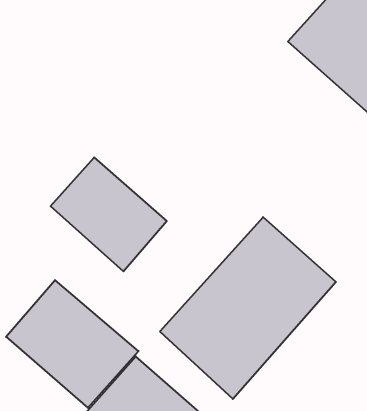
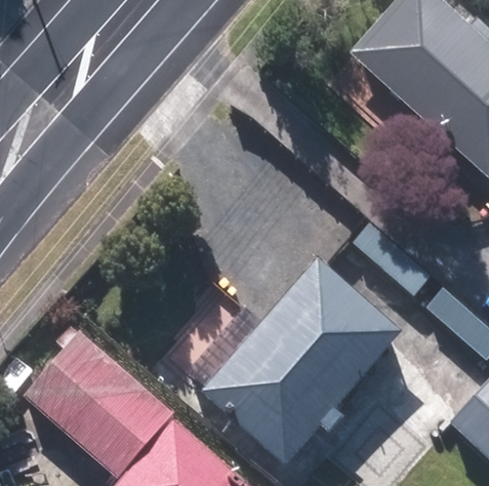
building: [51,157,167,271] -> none

